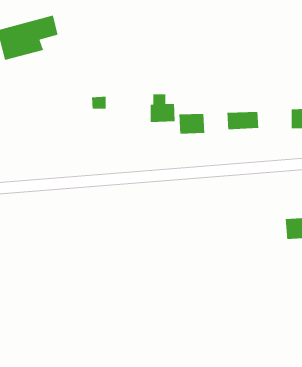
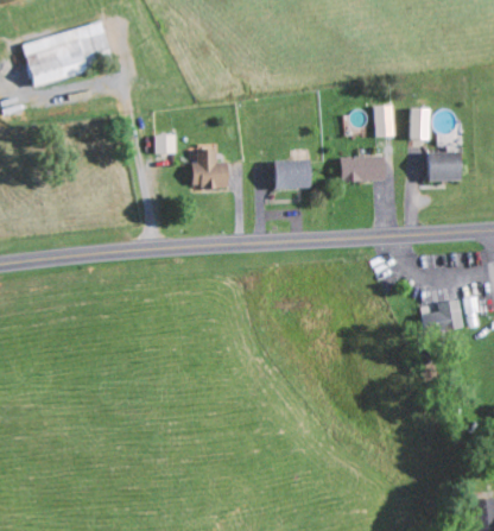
building: none -> [372,105,393,137]
building: none -> [410,108,430,139]
building: [150,94,176,123] -> [192,148,228,189]

